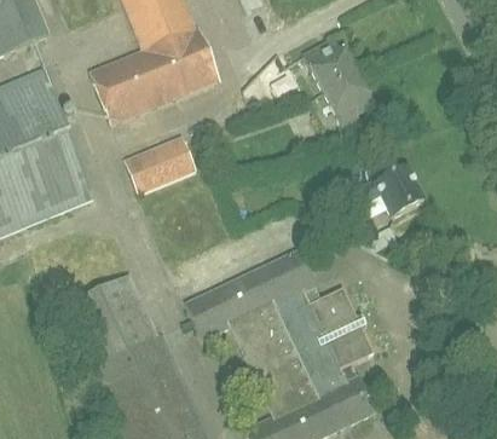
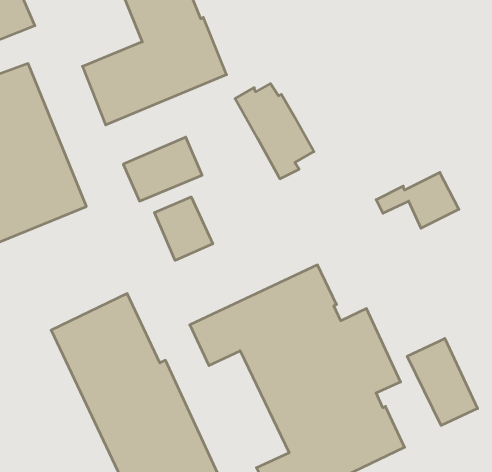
building: [302,42,372,127] -> [235,84,314,179]
building: none -> [154,197,213,260]
building: none -> [407,338,478,425]

